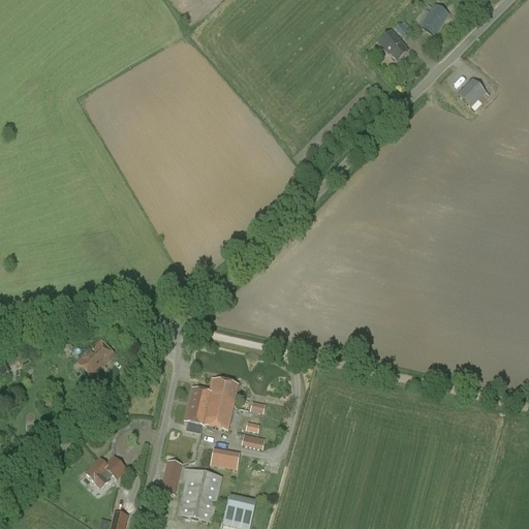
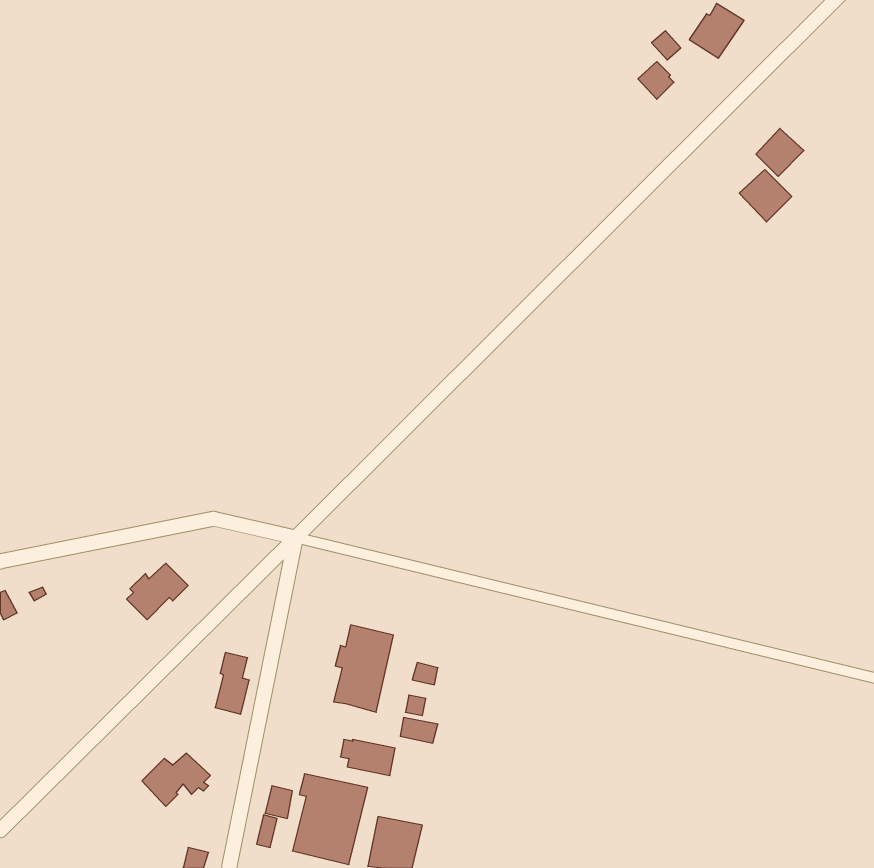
building: none -> [739,170,792,222]
building: [186,386,207,424] -> [215,653,249,714]

